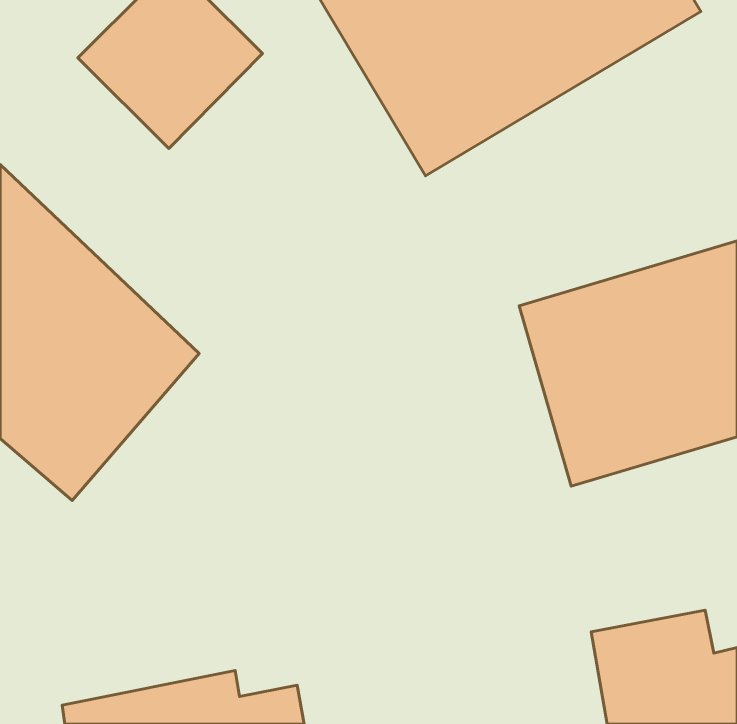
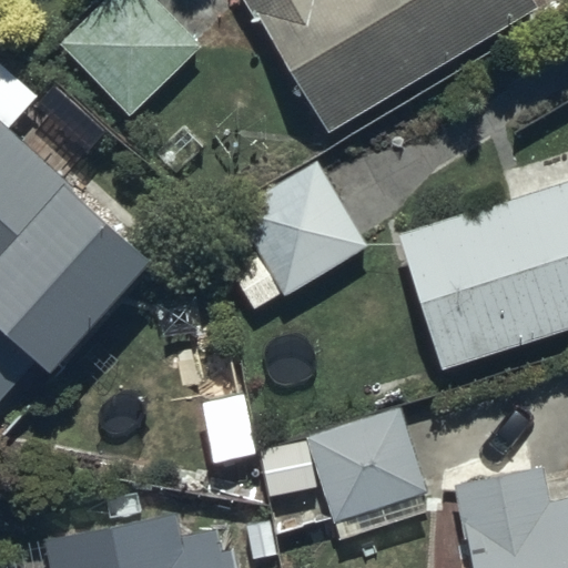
building: none -> [232,162,366,305]
building: none -> [255,403,429,521]

